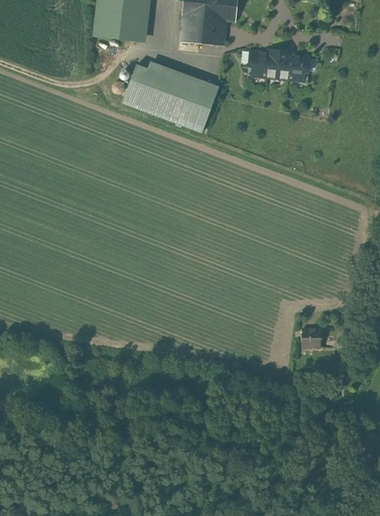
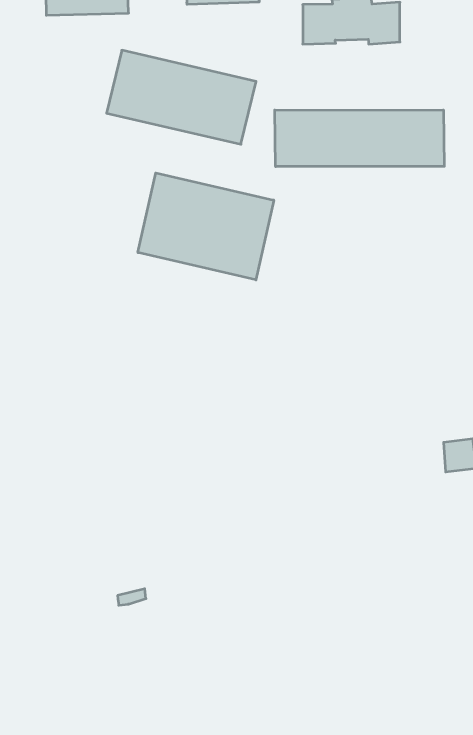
building: none -> [275,110,444,167]
building: none -> [138,173,274,280]

